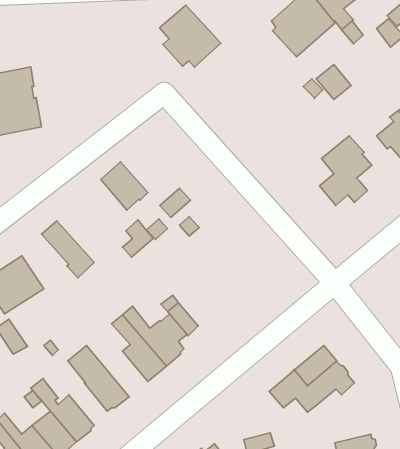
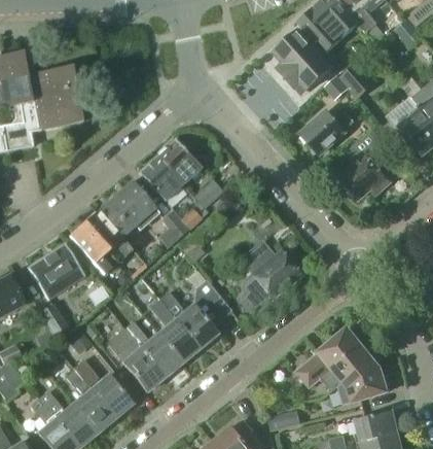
building: [159,5,221,67] -> [275,31,332,90]
building: none -> [300,109,355,154]
building: none -> [156,138,201,183]
building: none -> [98,180,155,238]
building: none -> [69,222,116,274]
building: none -> [238,243,298,312]
building: none -> [124,320,182,376]
building: none -> [340,362,388,401]

